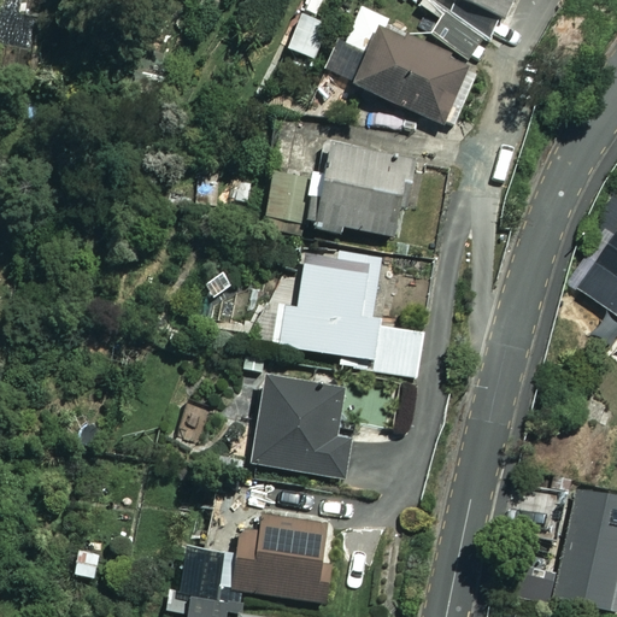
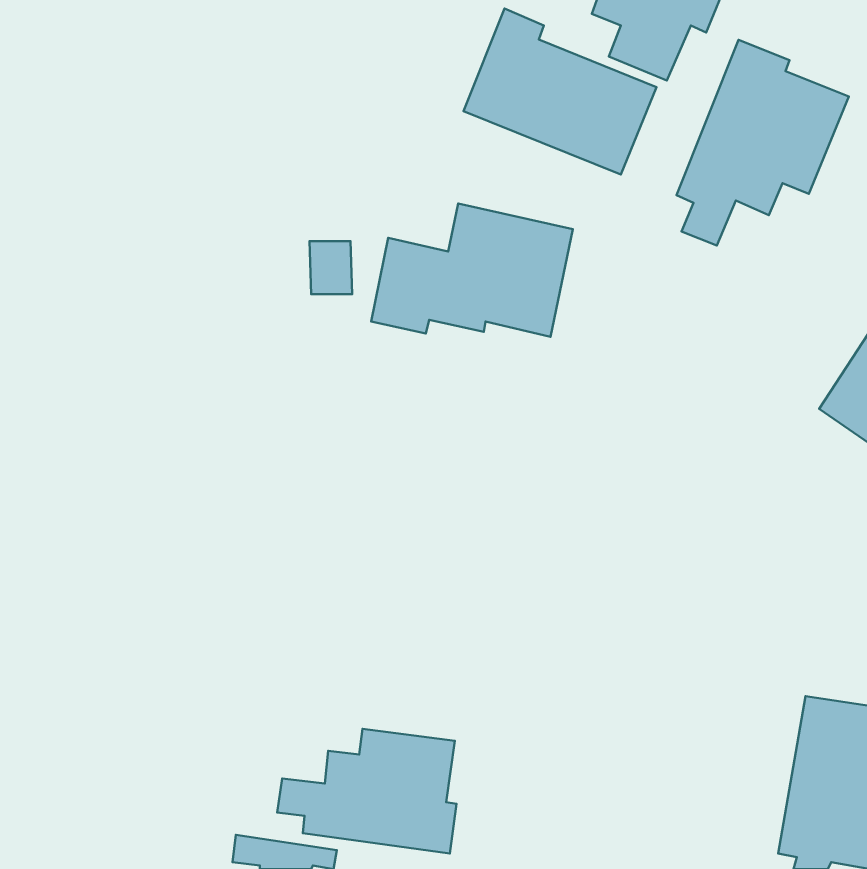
building: none -> [676,40,849,245]
building: [280,246,423,375] -> none
building: [251,369,349,477] -> none

